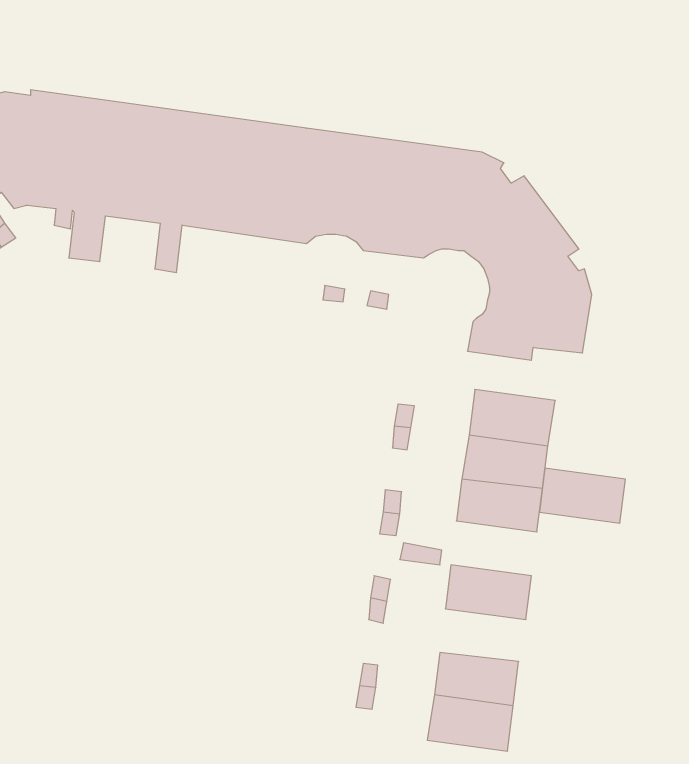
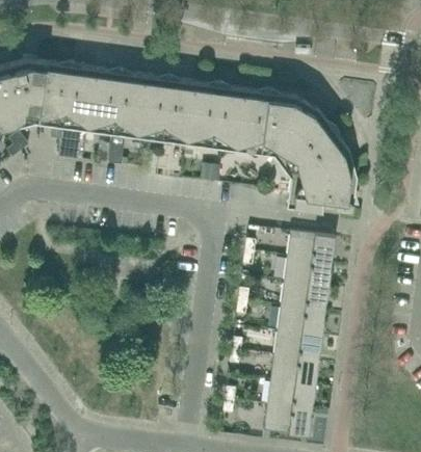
building: [540,468,625,523] -> [277,304,325,336]
building: none -> [270,354,319,384]

